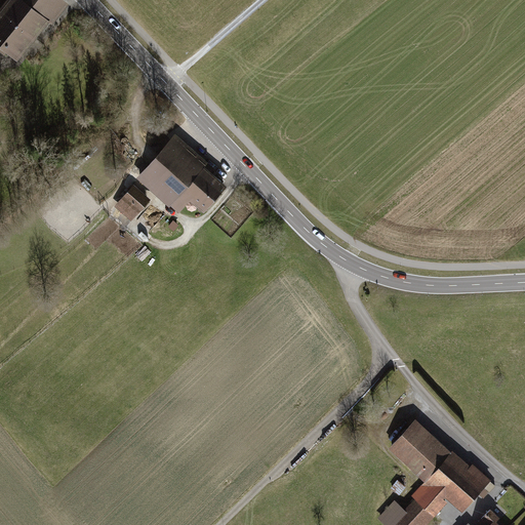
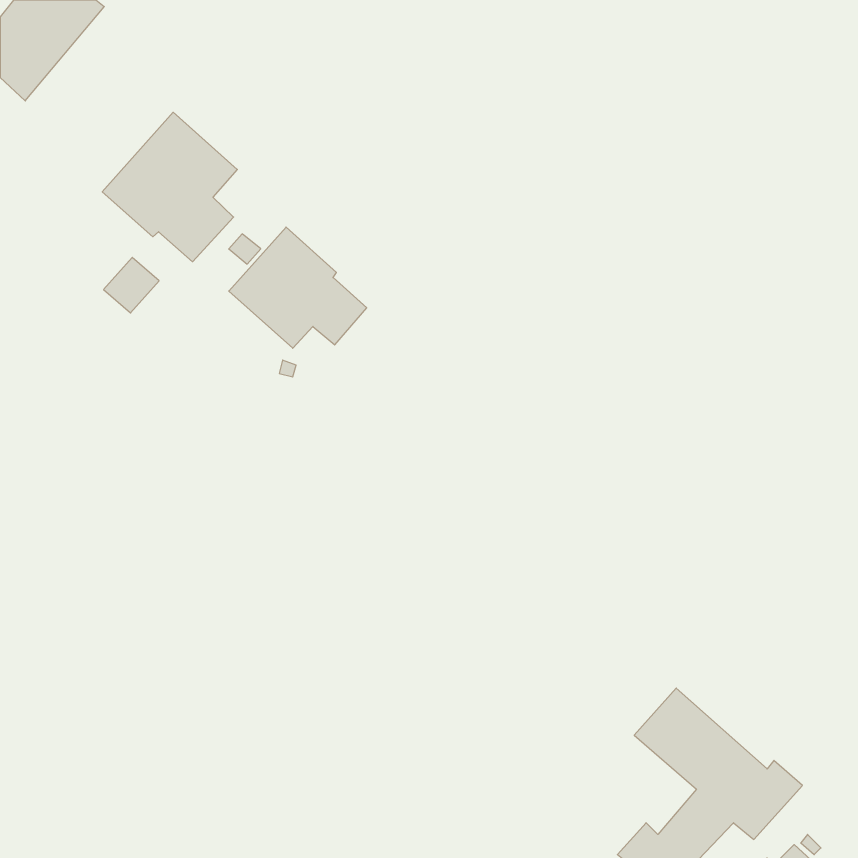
building: none -> [102,112,237,262]
building: [117,188,151,221] -> [104,257,159,313]

